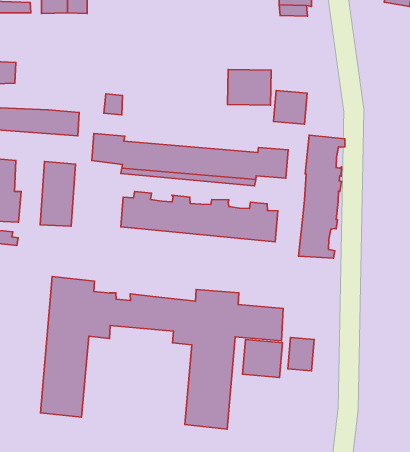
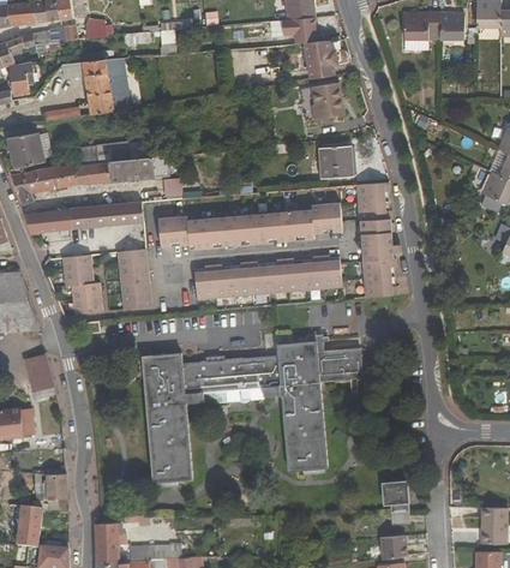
building: none -> [74,156,169,185]
building: [227,69,271,105] -> [299,83,343,121]
building: [288,338,314,371] -> none
building: [242,340,283,378] -> none

